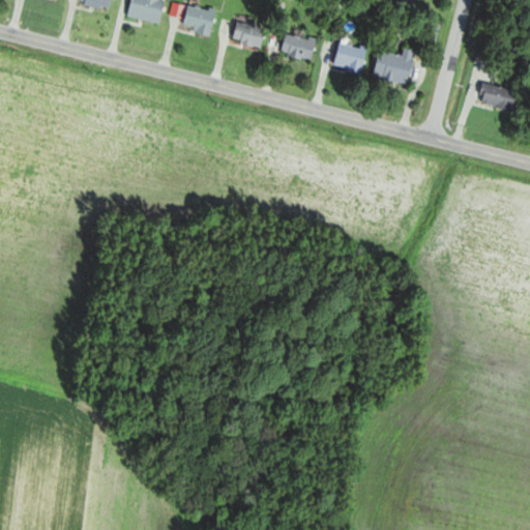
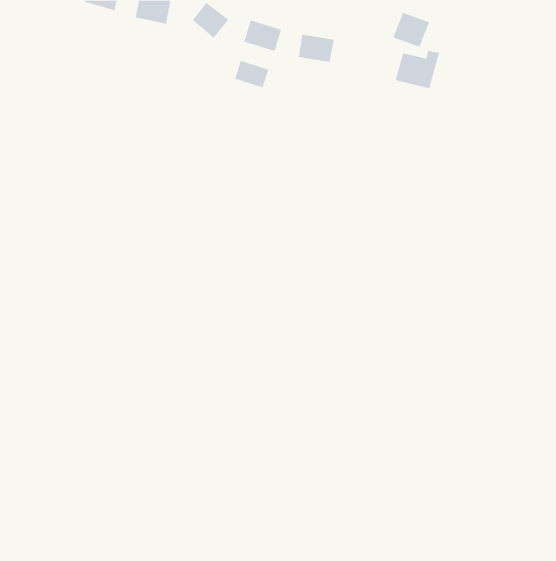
building: [332,40,367,73] -> [393,12,430,47]
building: none -> [234,60,269,88]
building: [476,81,518,112] -> none

